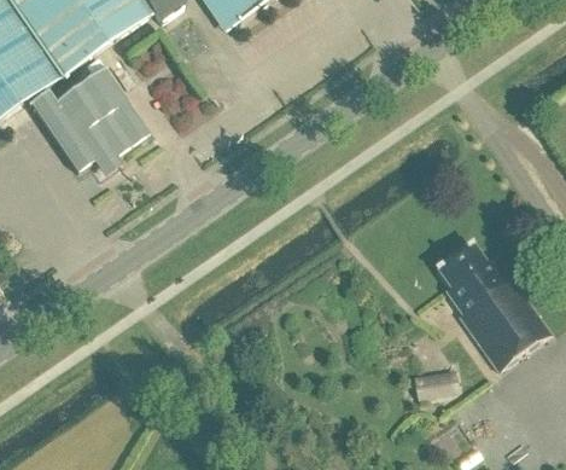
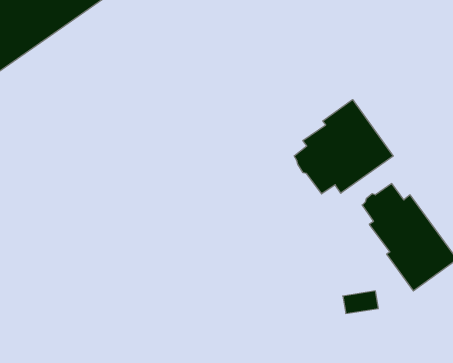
building: [25,66,146,172] -> none
building: none -> [294,100,393,194]

